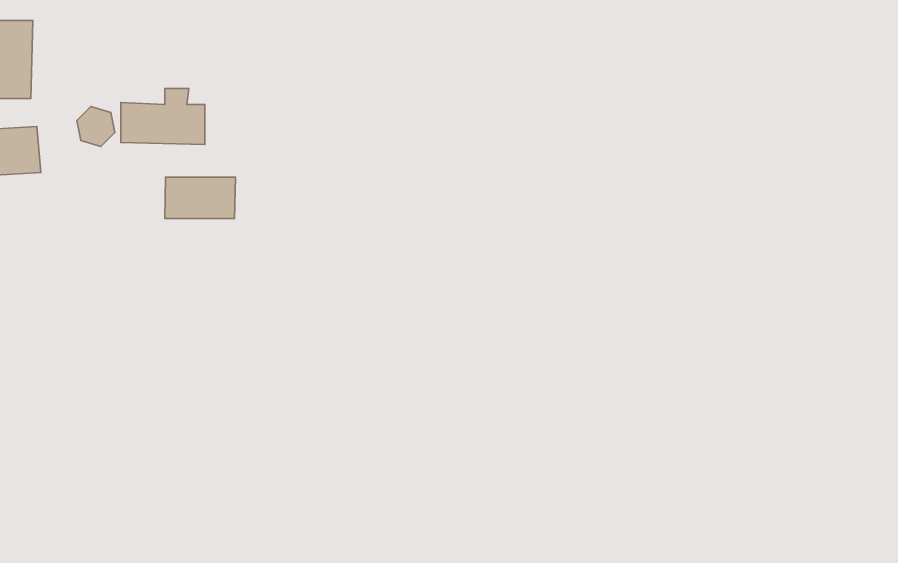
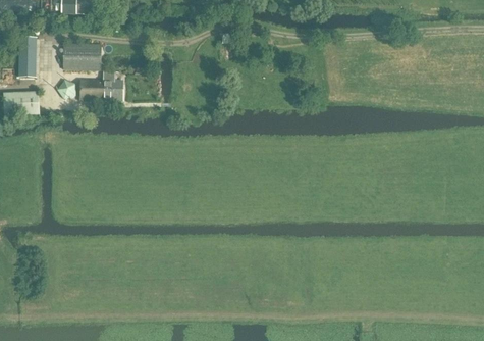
building: none -> [63,43,101,69]
building: [165,177,235,218] -> none

